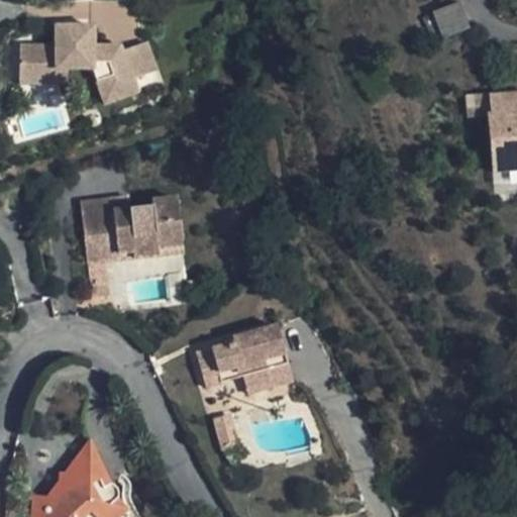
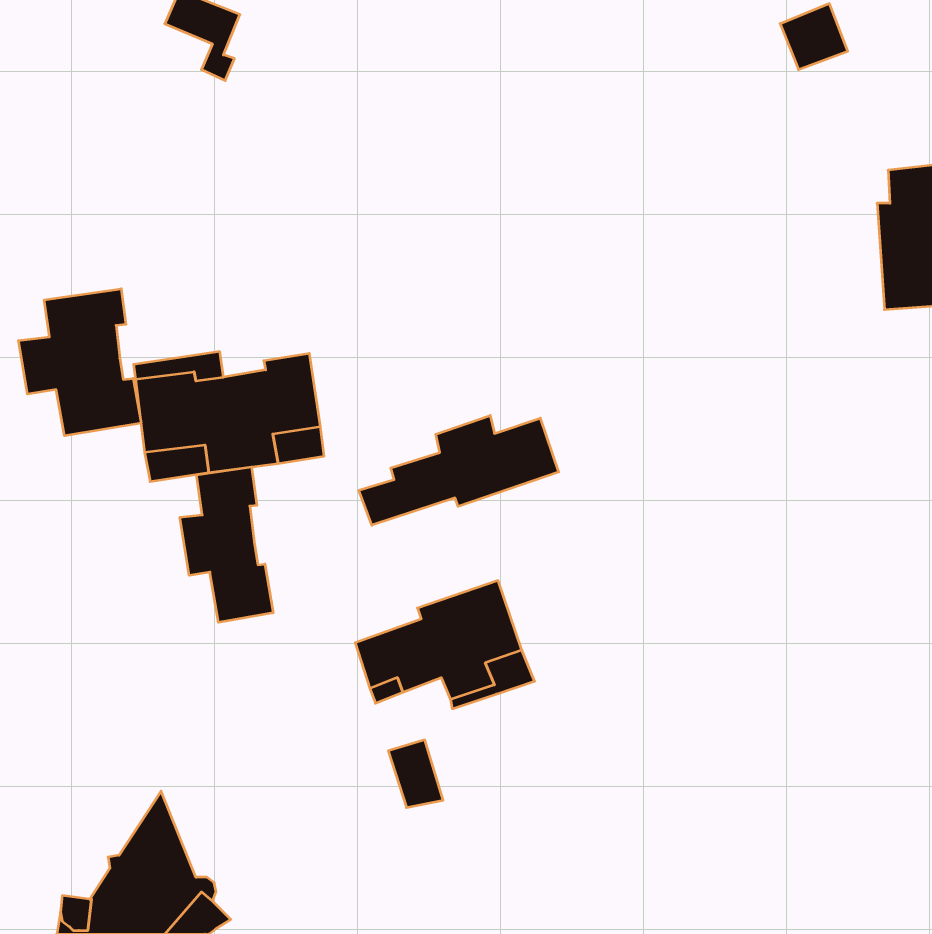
building: [20,26,157,104] -> none
building: none -> [18,289,141,436]
building: none -> [359,415,559,525]
building: none -> [180,467,273,622]

